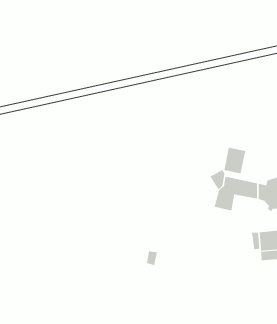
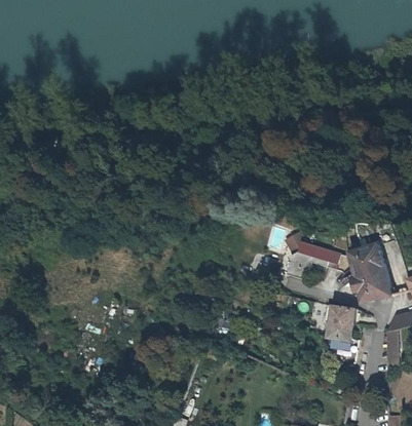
building: [224,147,246,174] -> none

